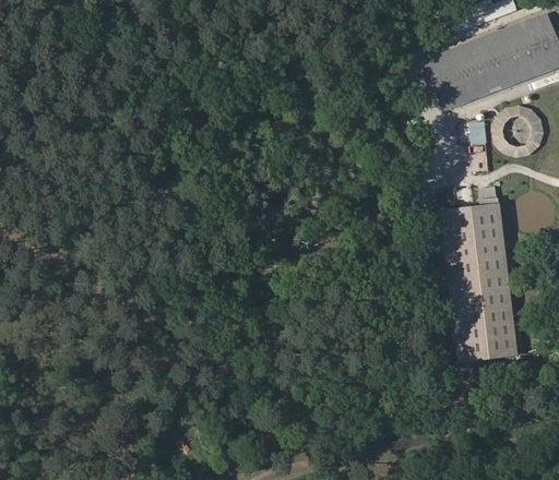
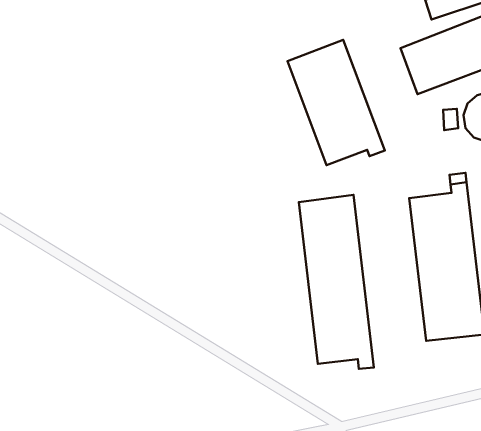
building: none -> [287,40,385,165]
building: none -> [299,195,374,369]

